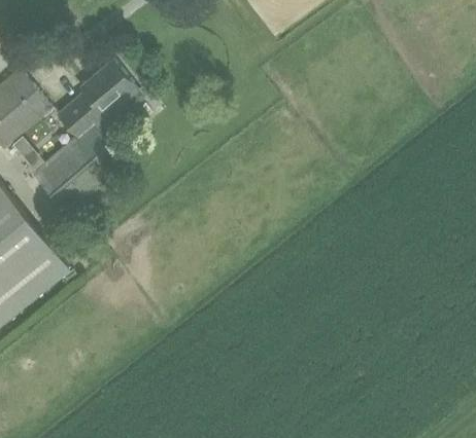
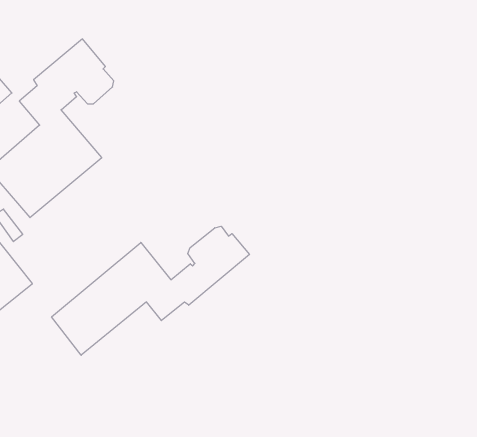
building: none -> [52,226,249,355]

